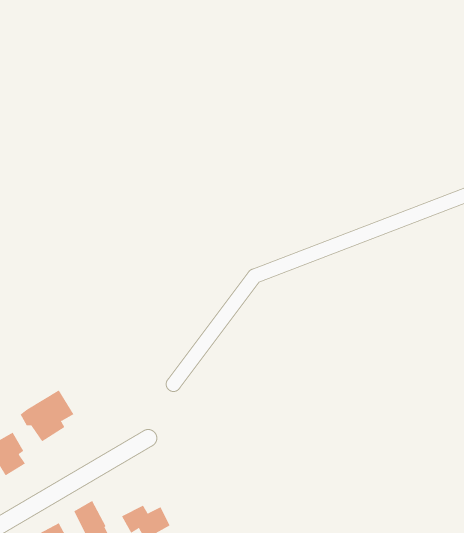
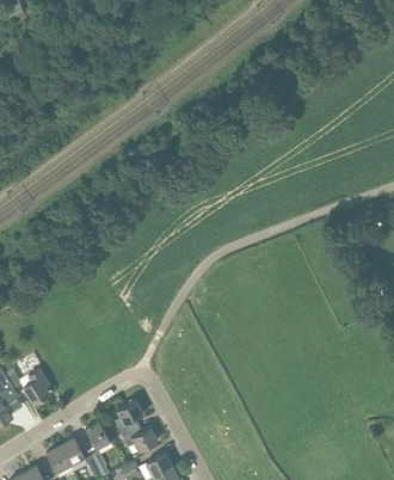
building: [20,389,74,442] -> none
building: none -> [113,399,143,432]

